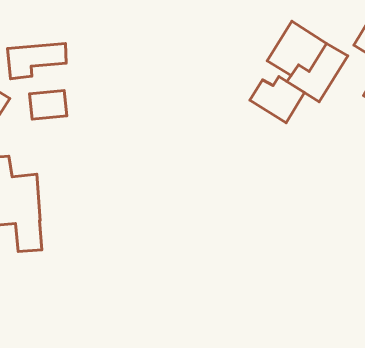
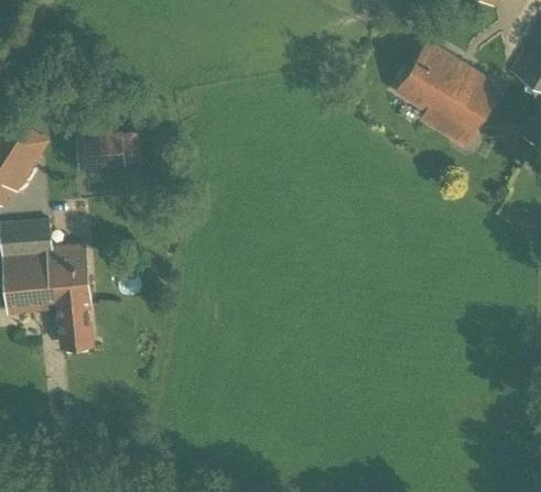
building: [8,43,66,79] -> none
building: [250,76,304,123] -> none

